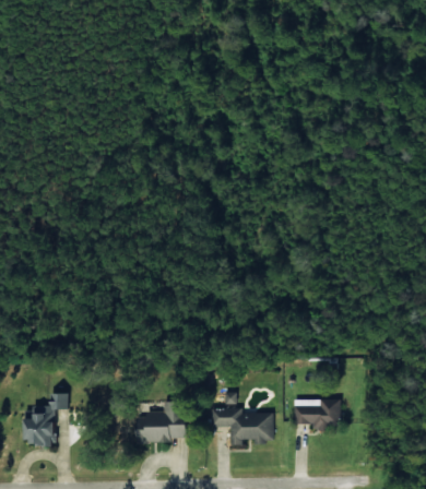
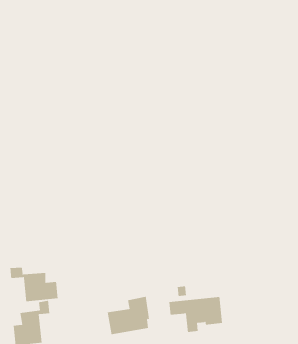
building: none -> [10,267,58,302]
building: [294,399,341,429] -> none

